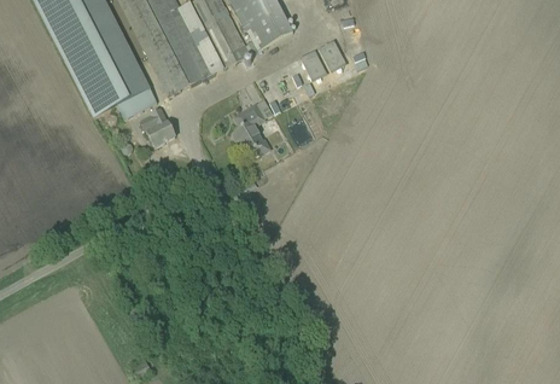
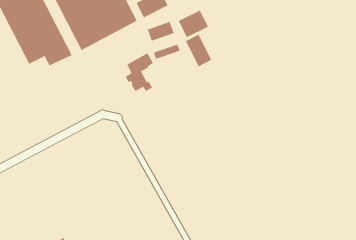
building: none -> [147,21,174,41]
building: none -> [185,34,212,67]
building: [140,107,174,145] -> none

